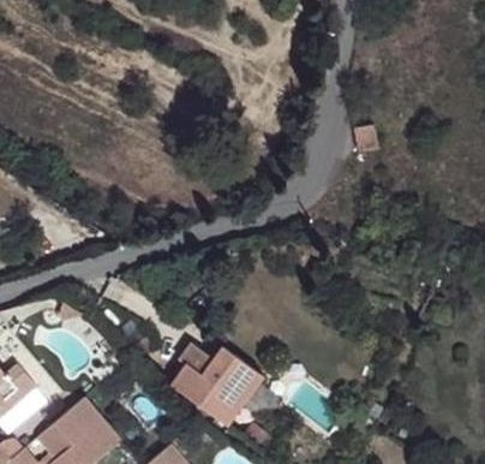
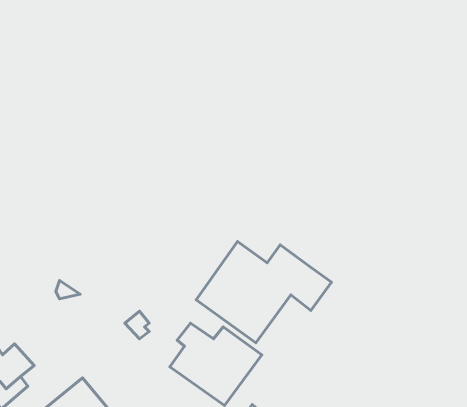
building: none -> [196,241,331,343]

